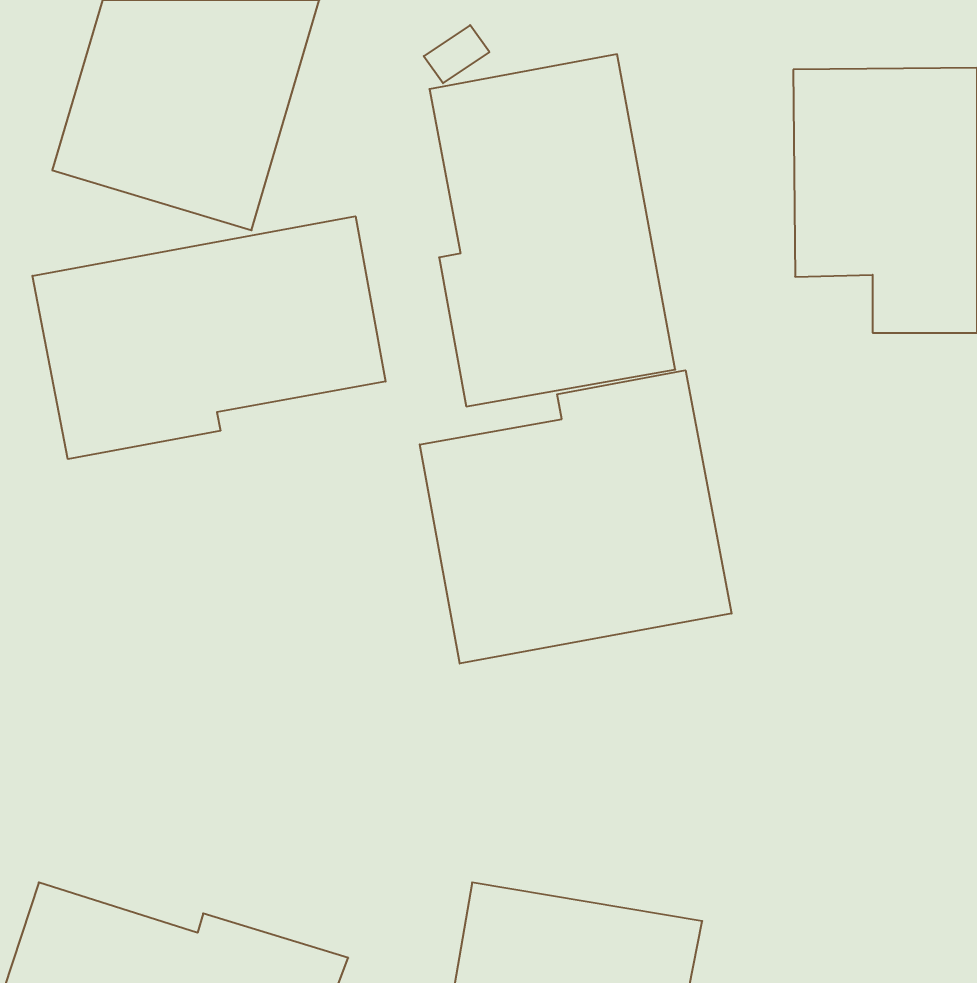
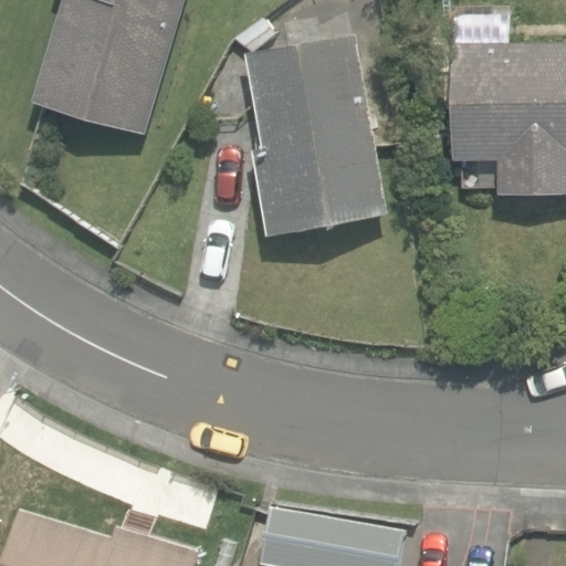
building: [32,216,386,459] -> none
building: [420,370,732,664] -> none

